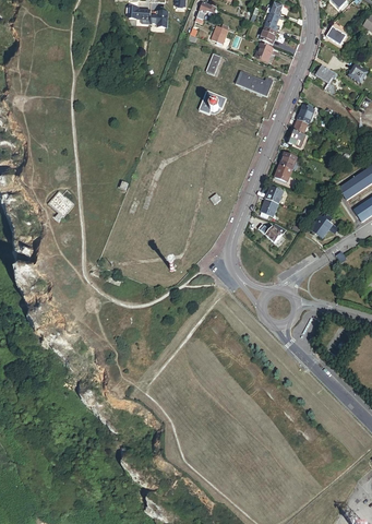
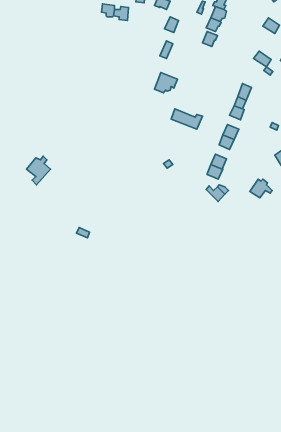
building: [236,72,273,96] -> [171,109,203,129]

